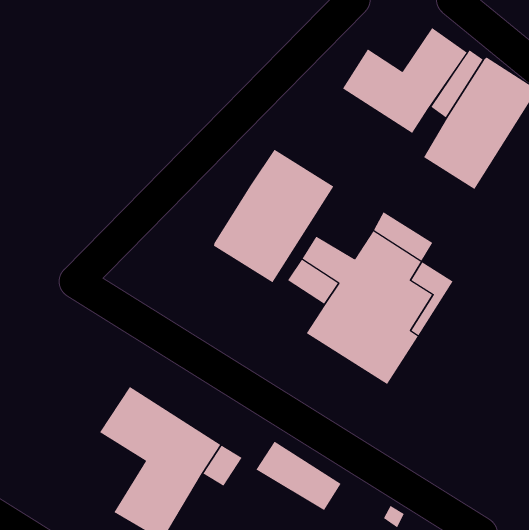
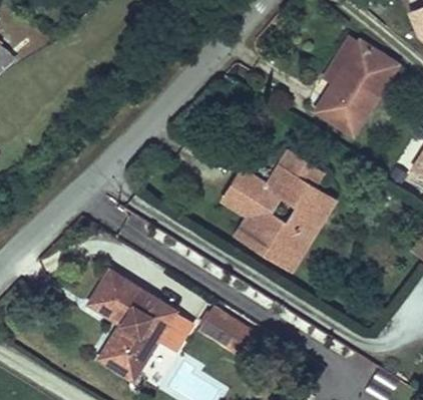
building: [342,27,467,134] -> none
building: [213,149,334,283] -> none

